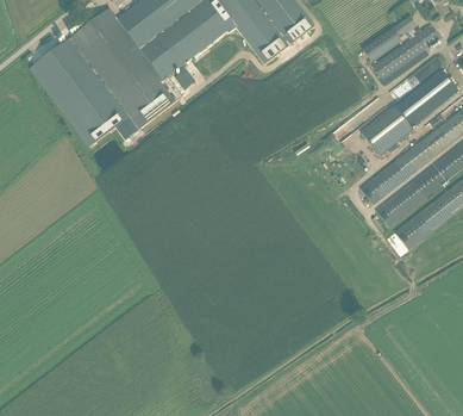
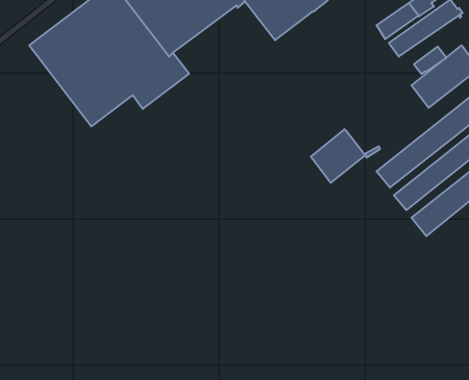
building: [361,104,413,155] -> [311,129,366,183]

